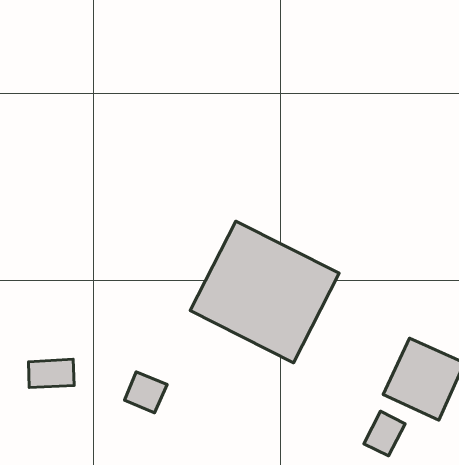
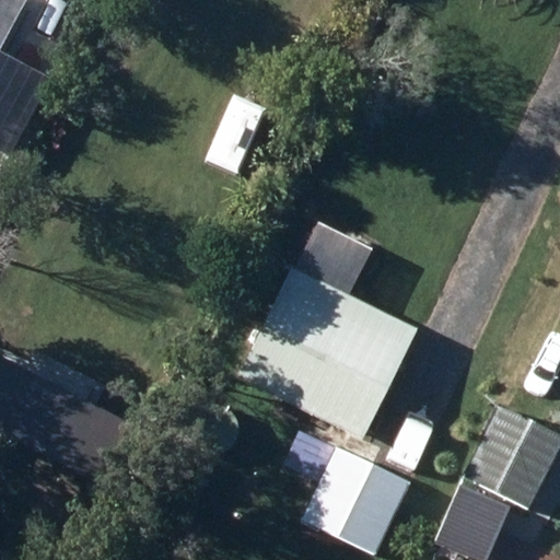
building: none -> [302,445,412,555]

